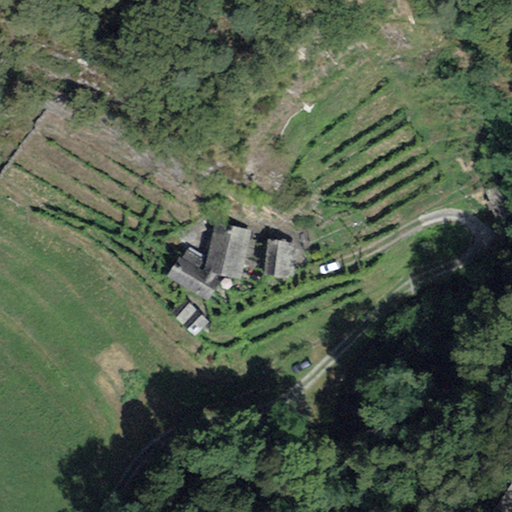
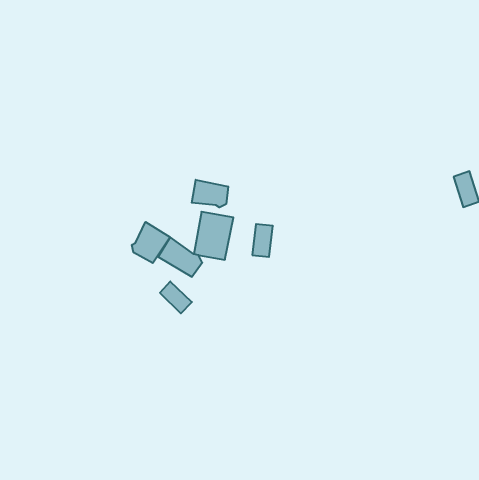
building: none -> [192,180,228,207]
building: none -> [132,222,170,263]

